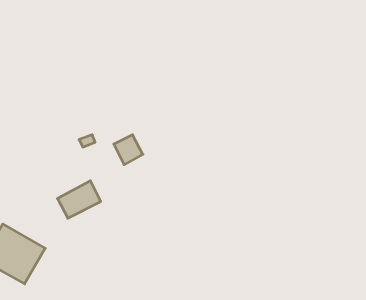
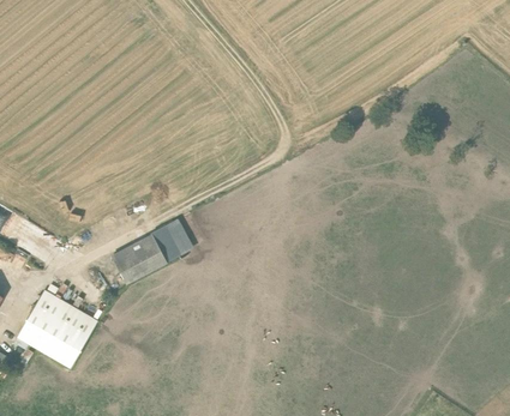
building: [114,135,143,165] -> [155,222,192,260]

